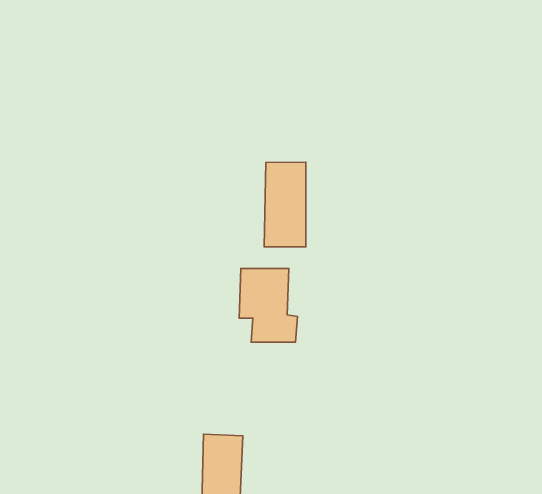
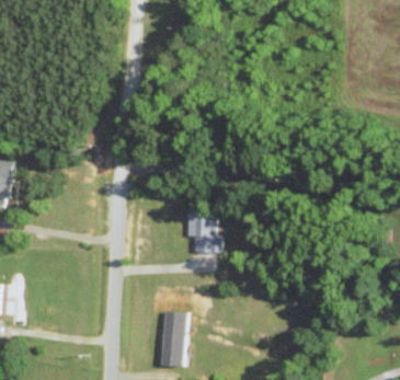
building: [264,162,306,247] -> none

